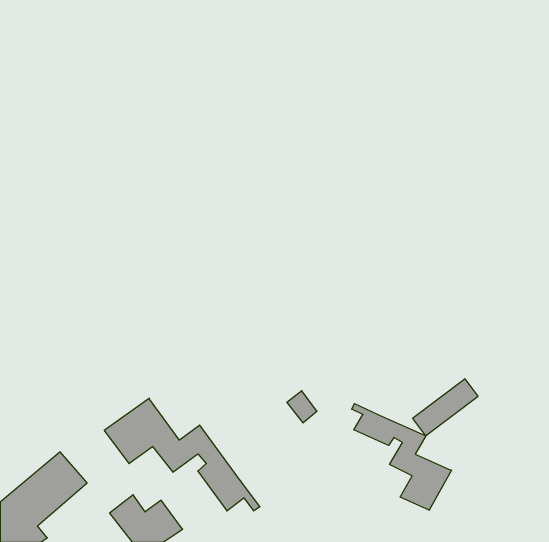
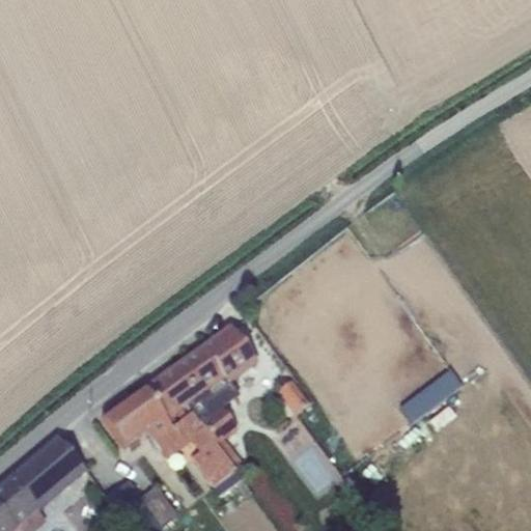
building: none -> [144,324,257,465]
building: [352,404,452,510] -> none

